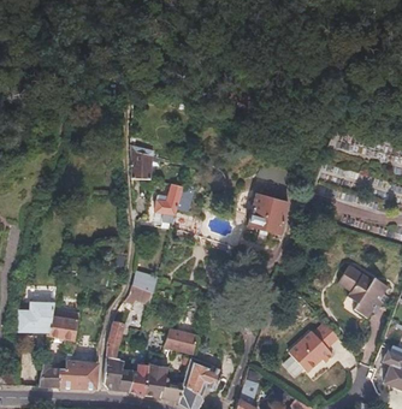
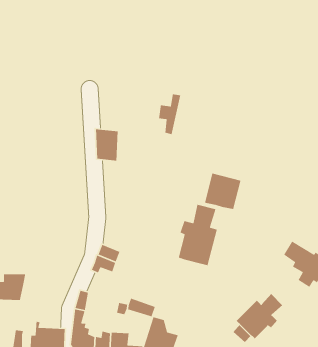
building: [154,182,179,227] -> [158,94,181,135]
building: none -> [178,204,218,266]
building: [47,315,77,340] -> none

